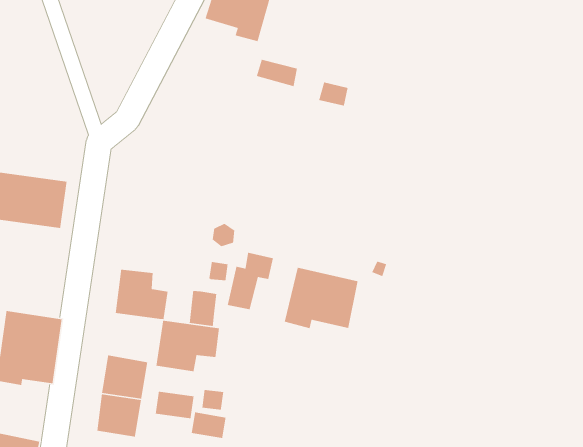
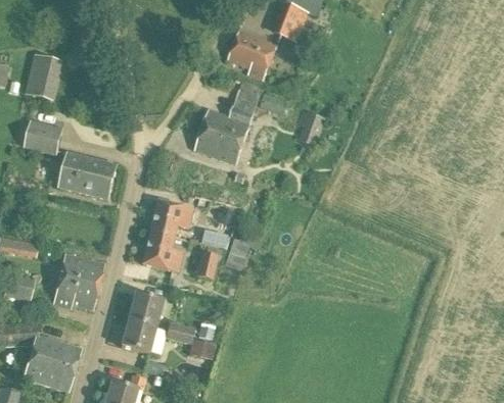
building: none -> [195,75,264,163]
building: none -> [149,199,192,236]
building: [284,267,359,329] -> none
building: [155,320,220,372] -> none

